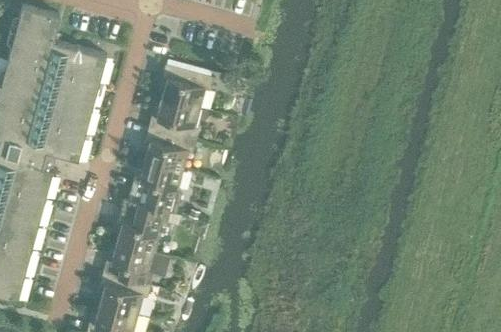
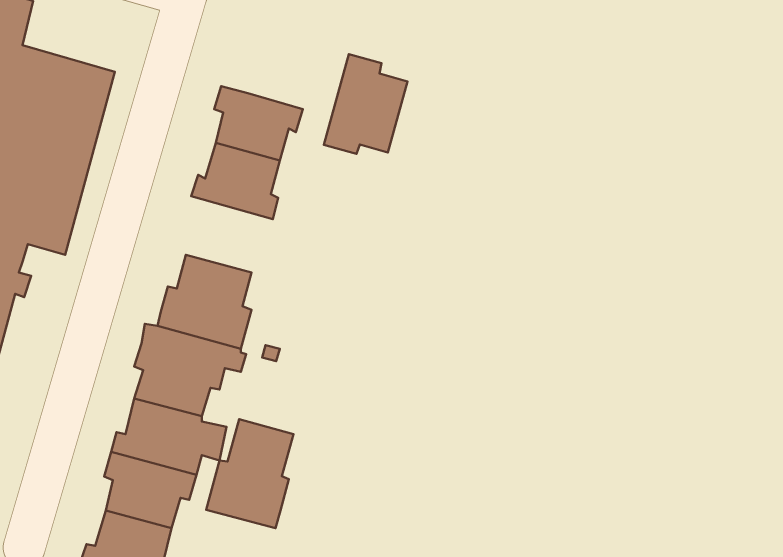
building: none -> [324,54,408,154]
building: [146,126,195,169] -> none
building: none -> [206,419,294,528]

